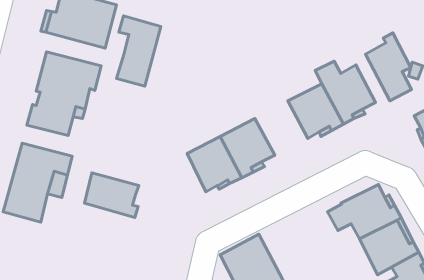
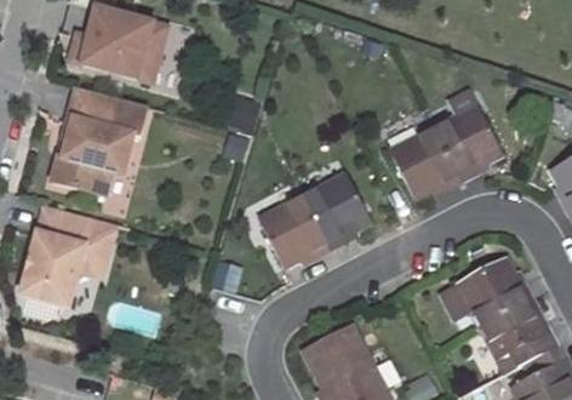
building: [116,16,161,86] -> none
building: [365,33,412,101] -> none
building: [84,173,139,217] -> none

